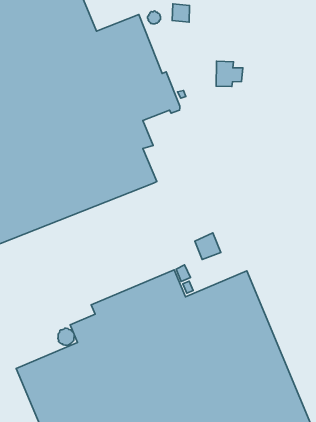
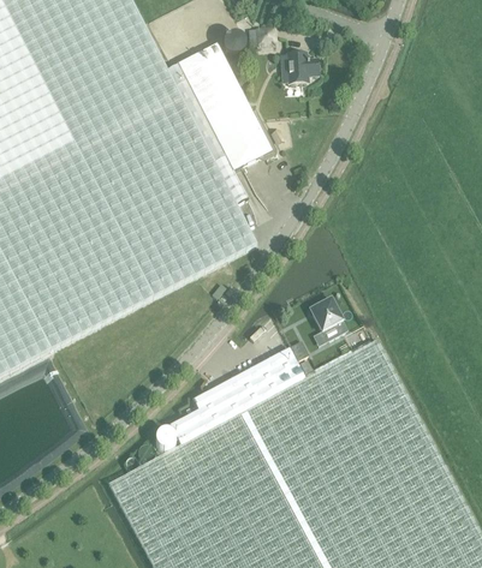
building: [216,61,243,87] -> [286,54,319,85]

